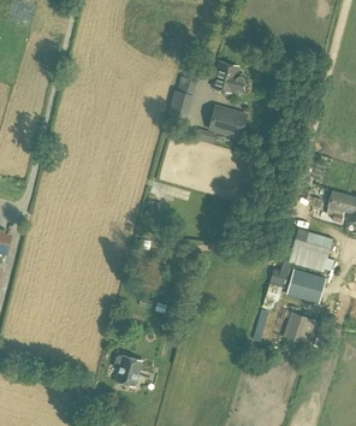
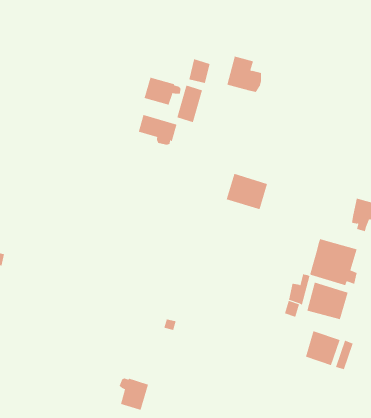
building: none -> [144,77,181,106]
building: [208,105,247,138] -> [226,173,268,210]
building: none -> [138,114,177,145]

